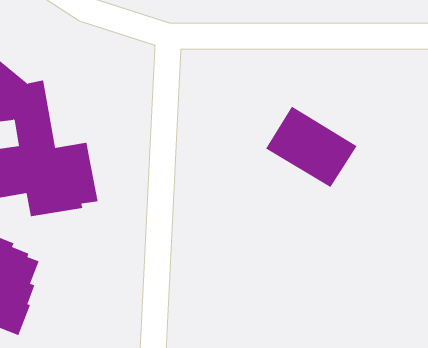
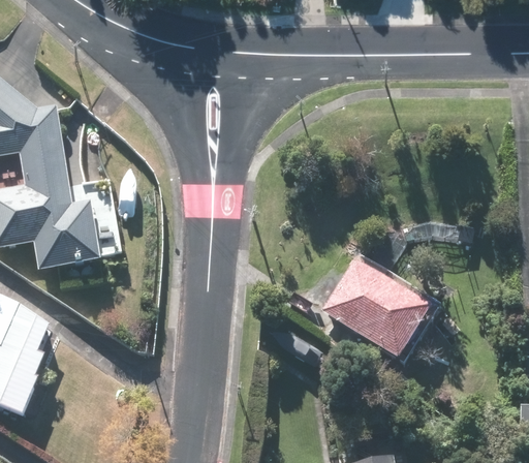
building: [265,106,357,188] -> [318,256,430,356]

